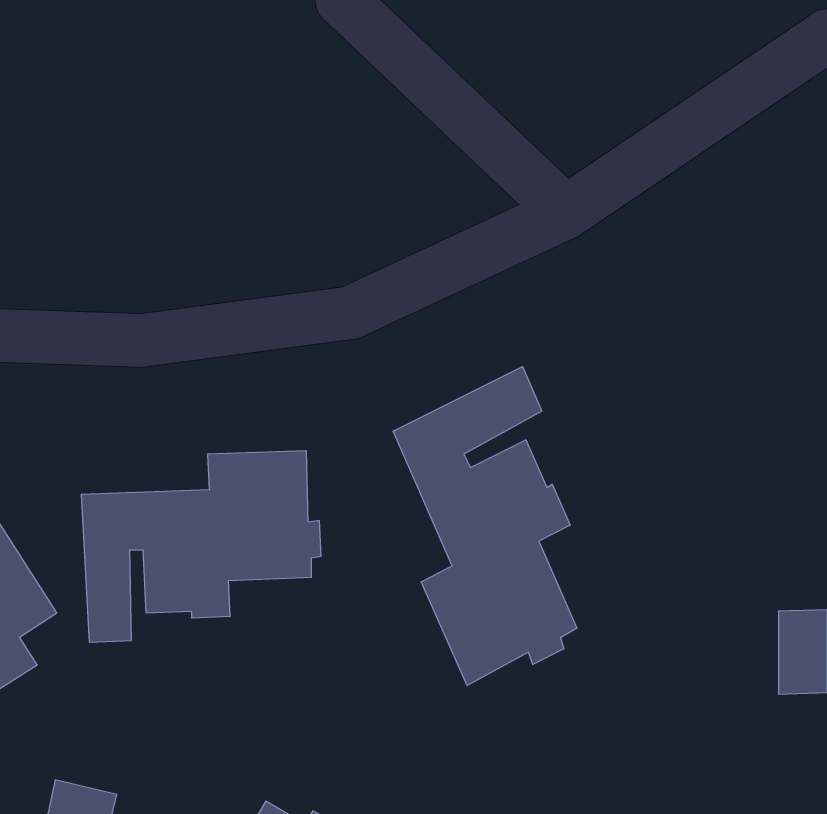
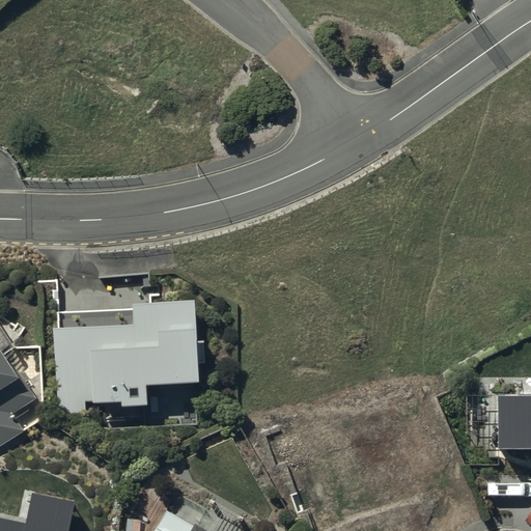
building: [393,367,577,686] -> none

